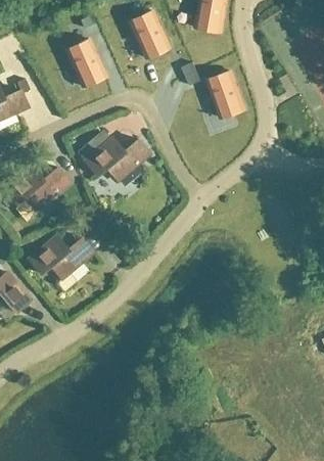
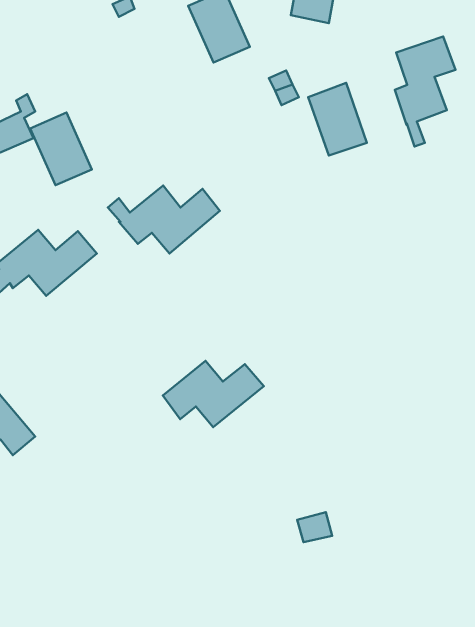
building: [65,39,105,86] -> [30,113,92,185]
building: none -> [395,36,455,146]
building: [29,235,94,278] -> [163,361,264,427]

